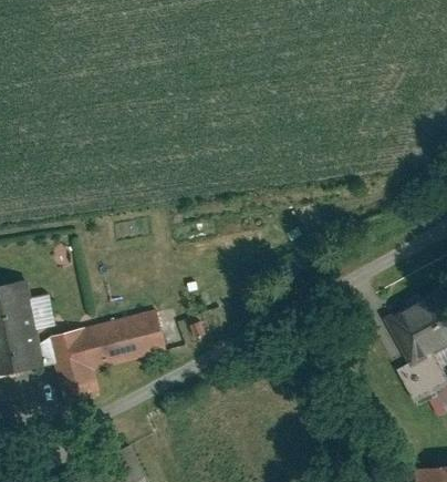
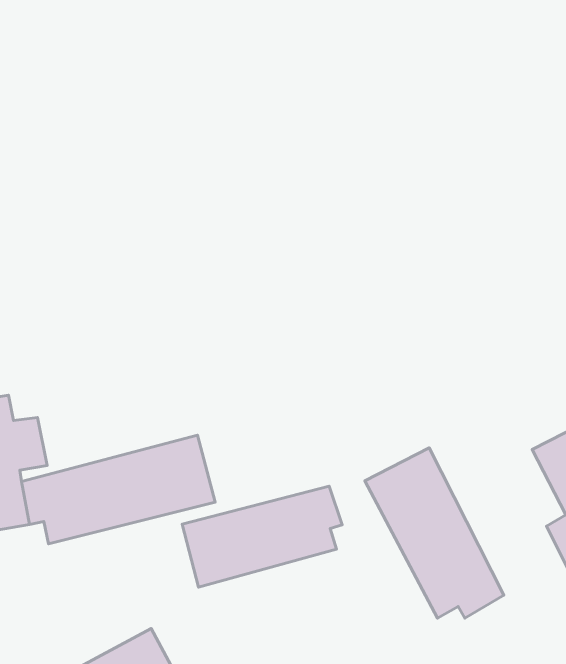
building: none -> [365,448,504,618]
building: none -> [182,486,342,587]

